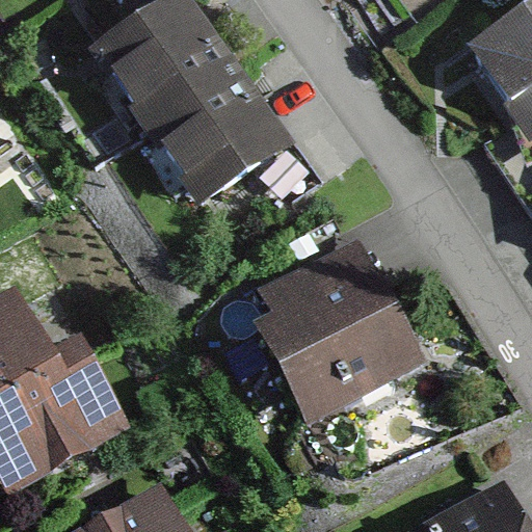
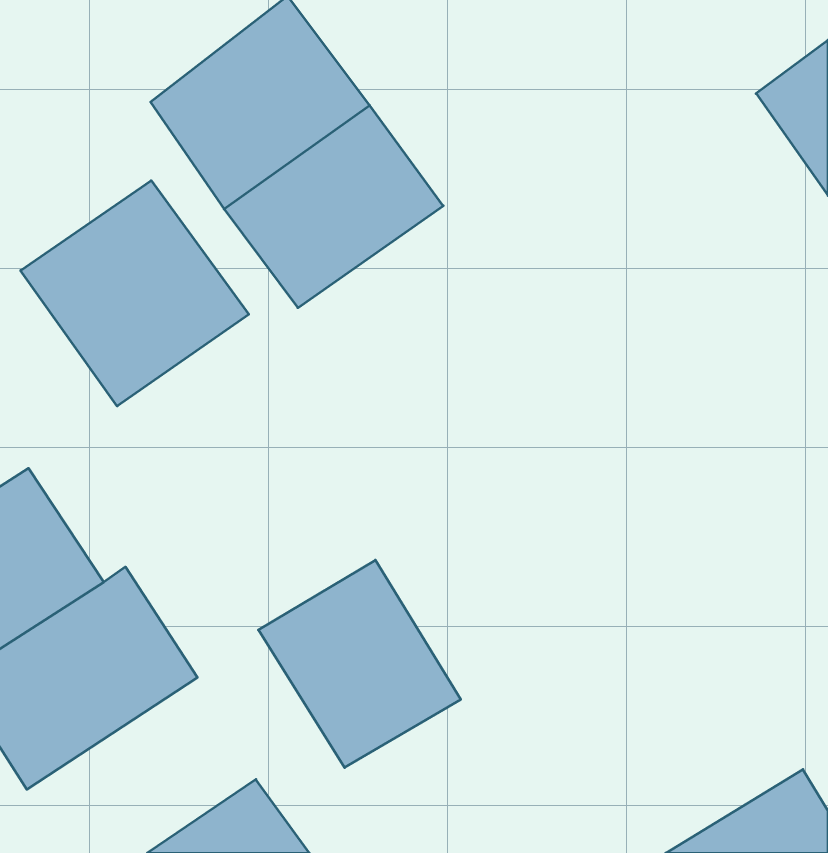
building: none -> [21,181,249,406]
building: [257,243,434,424] -> none
building: none -> [258,560,461,768]

